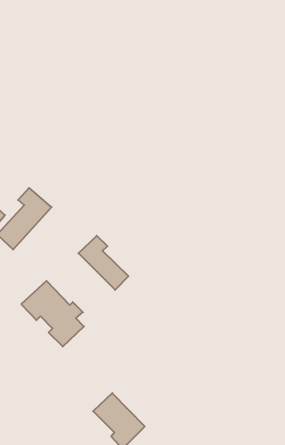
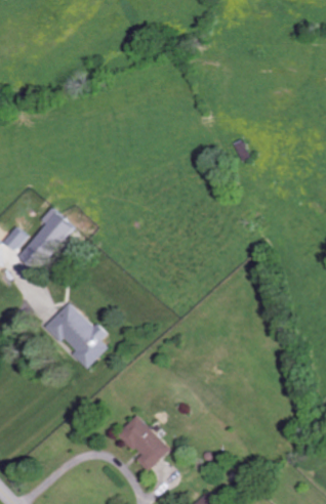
building: [78,236,128,290] -> none

